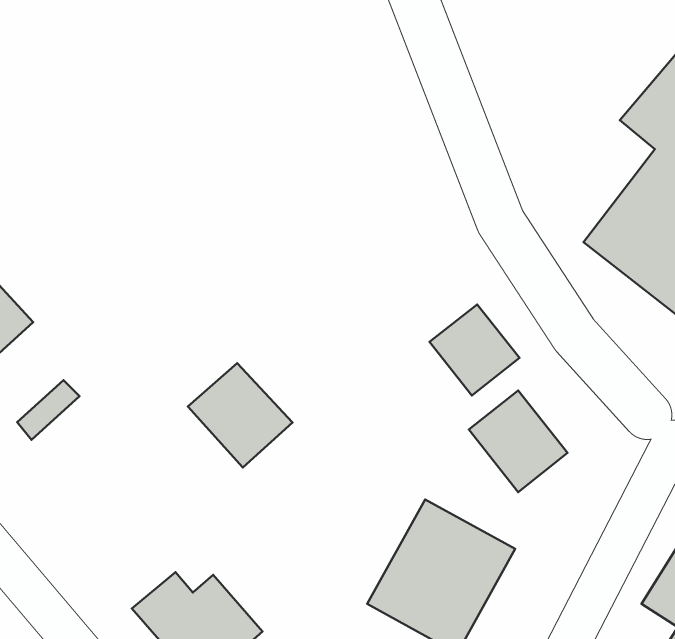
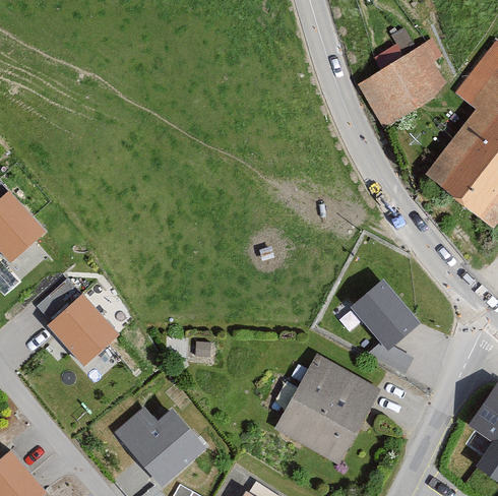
building: none -> [359,48,446,127]
building: [429,304,519,396] -> none
building: [188,363,292,468] -> [46,294,119,367]

